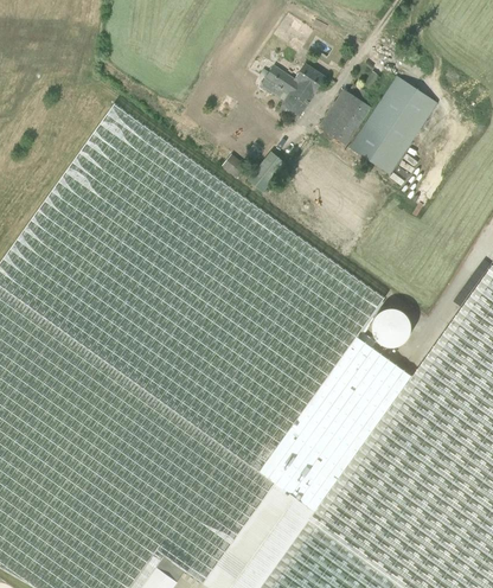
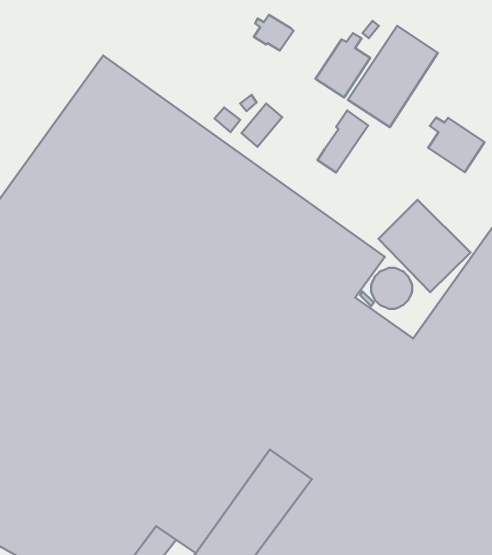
building: [277,63,326,122] -> [318,111,368,172]
building: none -> [428,117,485,172]
building: none -> [378,200,470,292]

